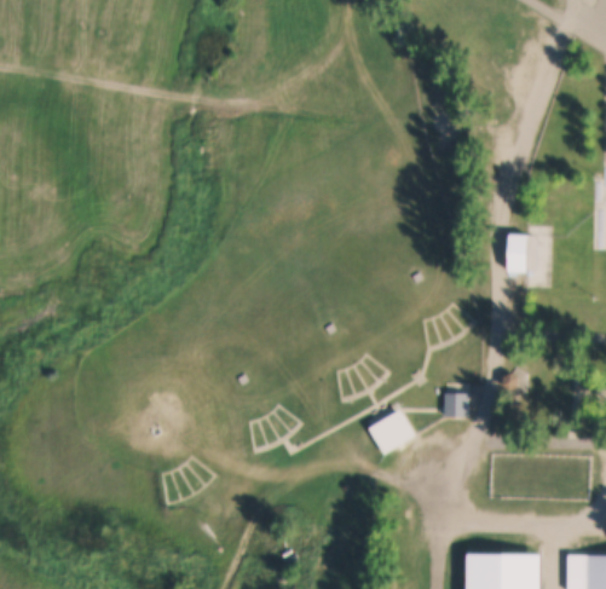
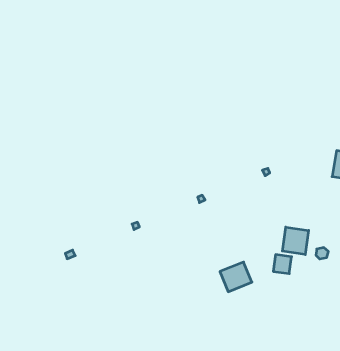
building: none -> [282,227,309,255]

